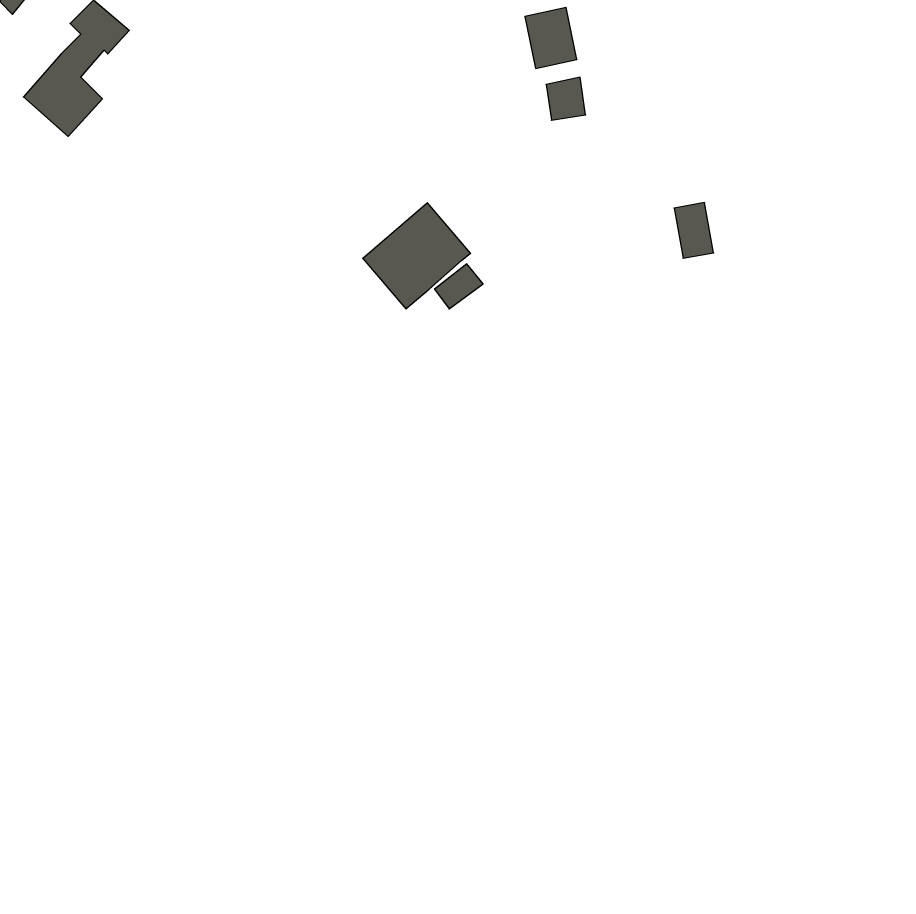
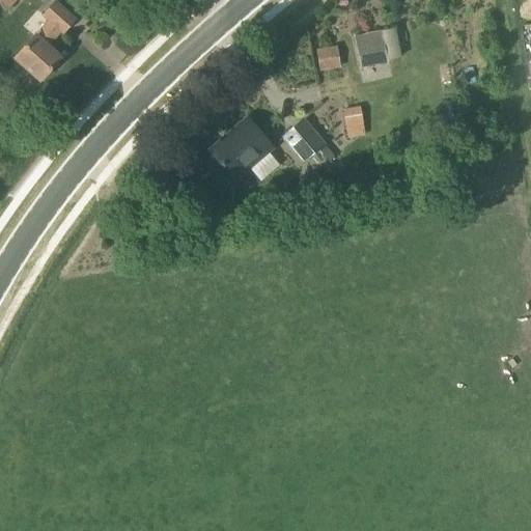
building: [525,7,577,68] -> [357,30,387,65]
building: [674,203,714,258] -> [343,105,366,137]
building: none -> [284,118,325,159]

